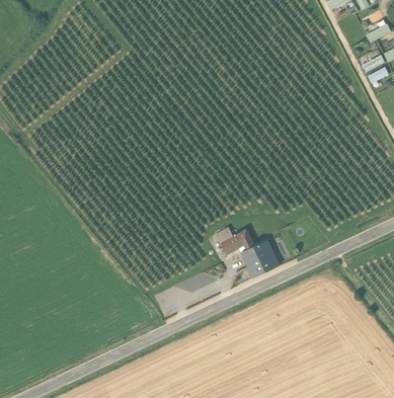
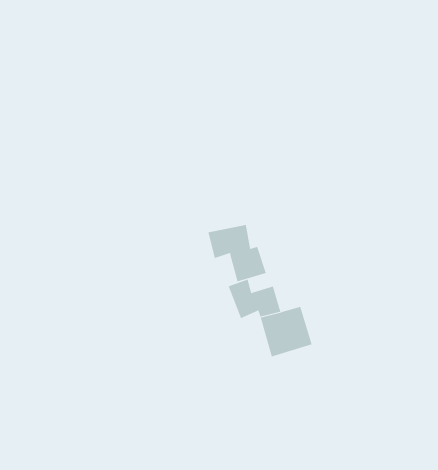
building: none -> [208,224,266,282]

